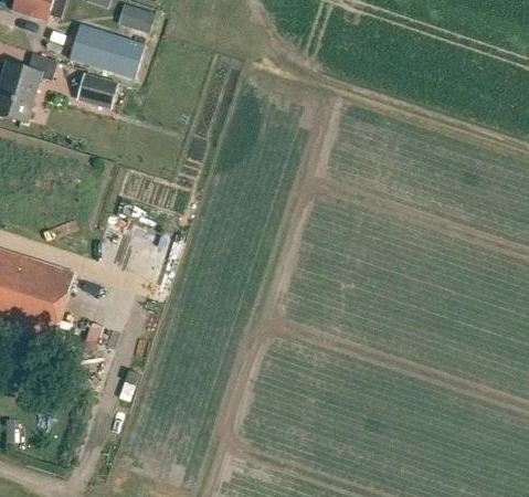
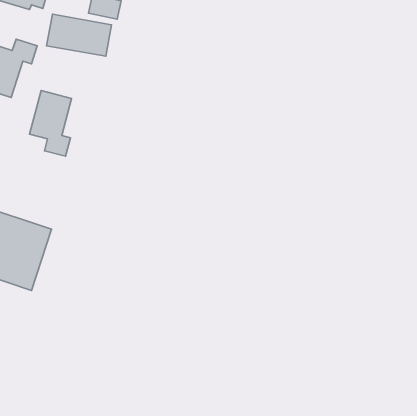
building: [78,68,118,103] -> none
building: none -> [30,90,72,156]

